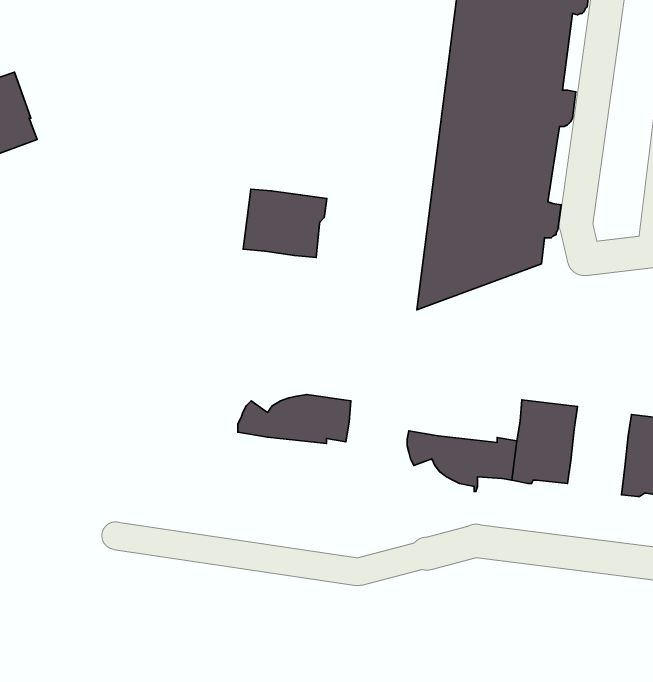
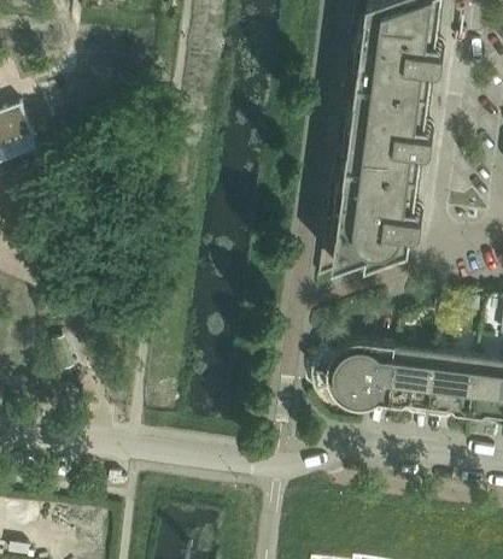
building: [243,189,327,258] -> none
building: [238,394,351,444] -> [318,341,402,377]
building: none -> [435,351,482,416]

